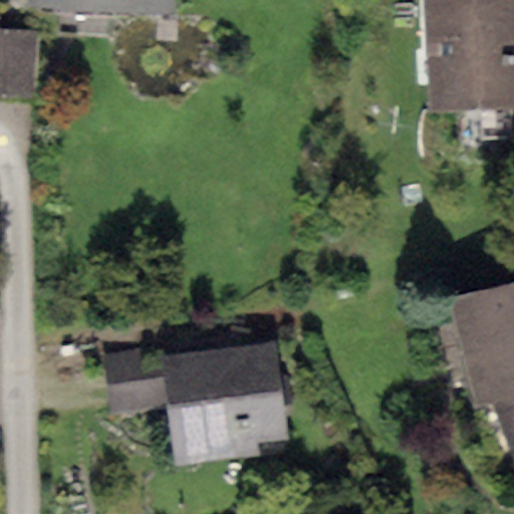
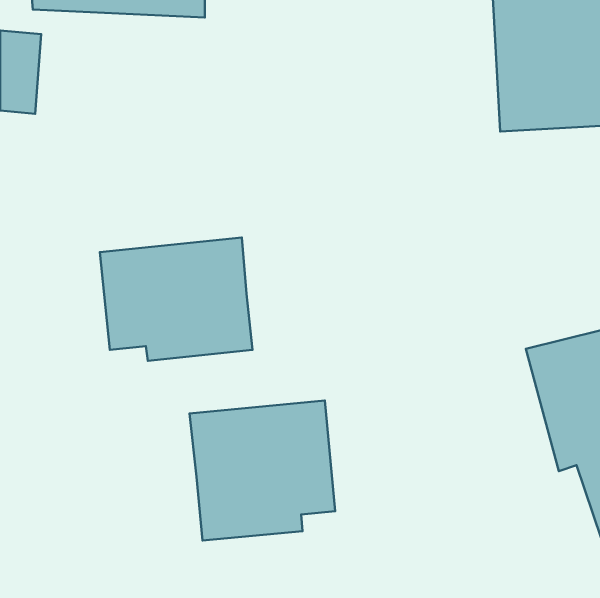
building: none -> [100,237,253,361]
building: [104,346,169,414] -> none

